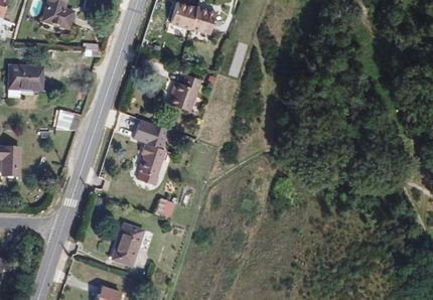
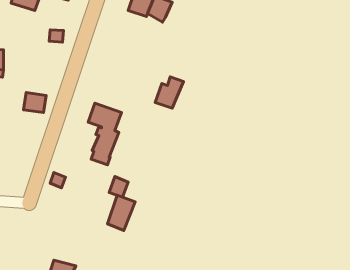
building: [169,78,199,111] -> [155,77,184,108]
building: [110,231,139,268] -> [108,195,135,231]

